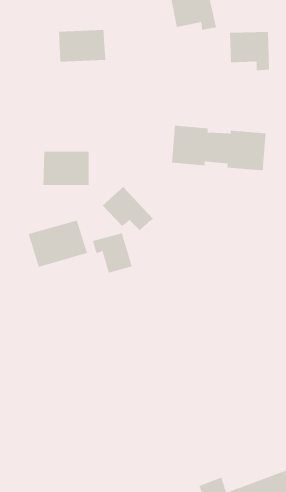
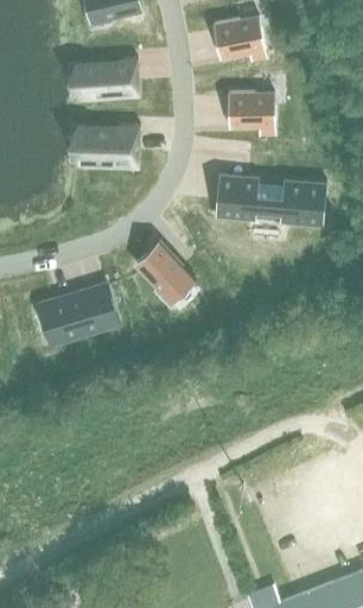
building: [229,31,270,71] -> [227,91,274,138]
building: [43,151,89,186] -> [83,127,138,167]
building: [92,232,133,274] -> none

